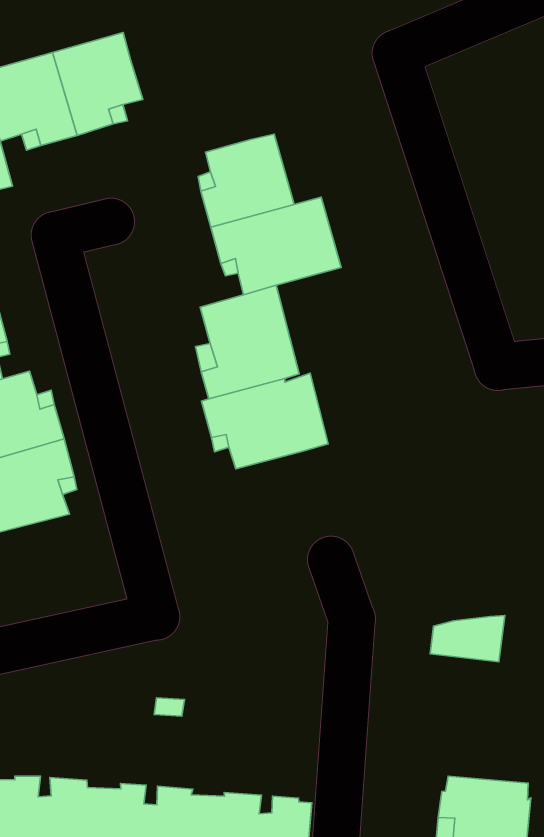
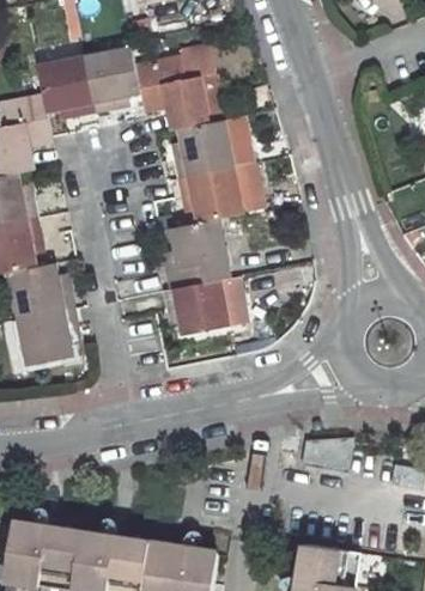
building: none -> [134,54,208,128]

